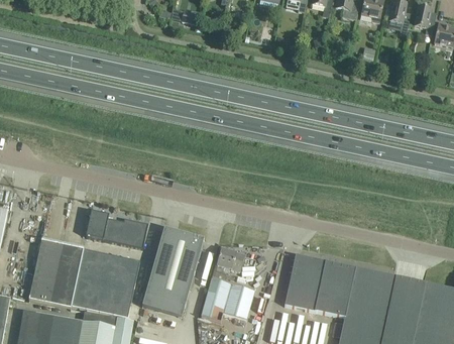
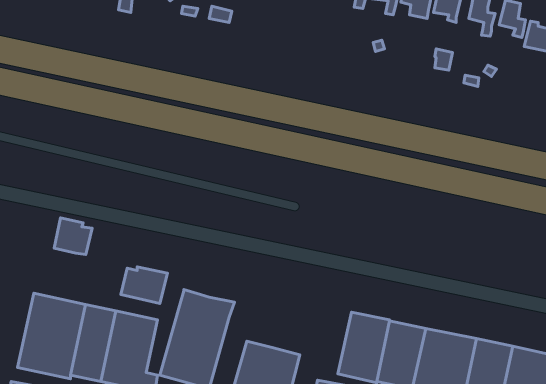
building: [86,210,116,239] -> [54,218,92,254]
building: [212,247,244,281] -> none

